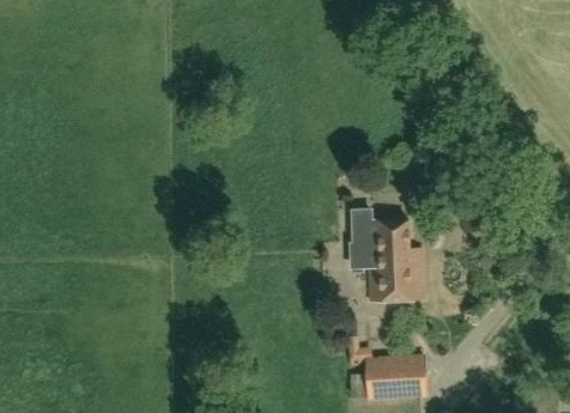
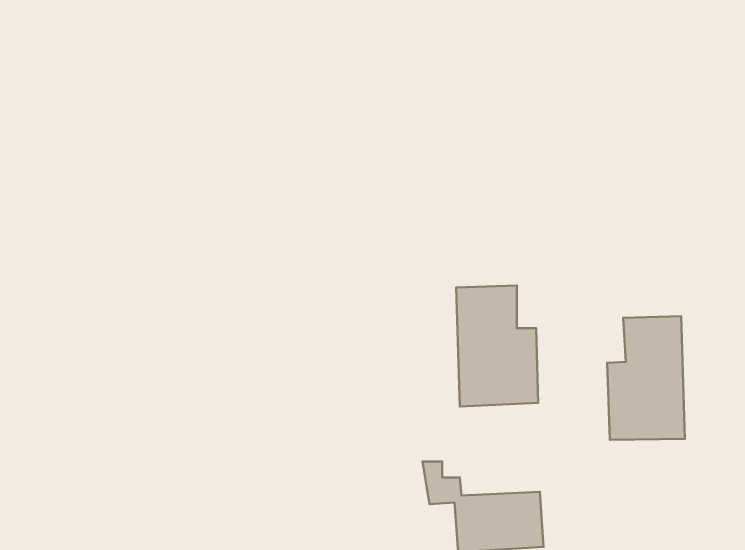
building: none -> [607,316,685,440]

